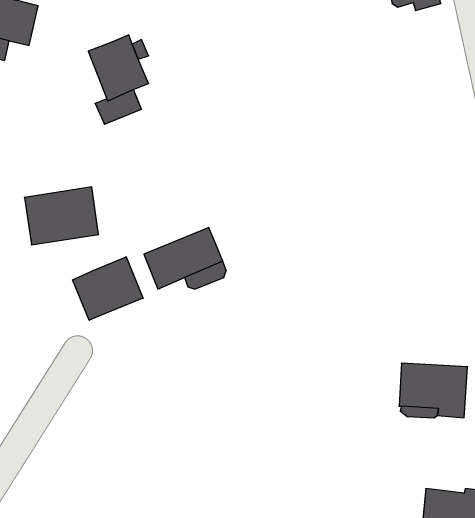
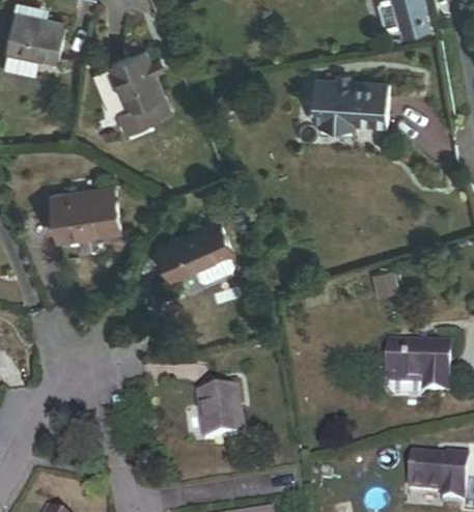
building: none -> [311,79,387,127]
building: [72,257,143,320] -> none
building: none -> [199,389,242,439]

